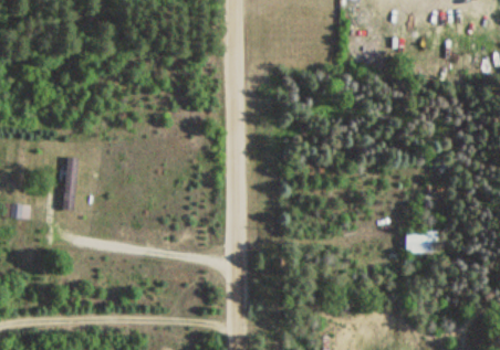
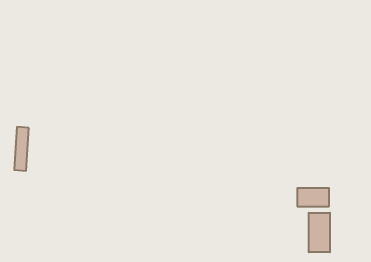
building: none -> [309,213,330,252]

